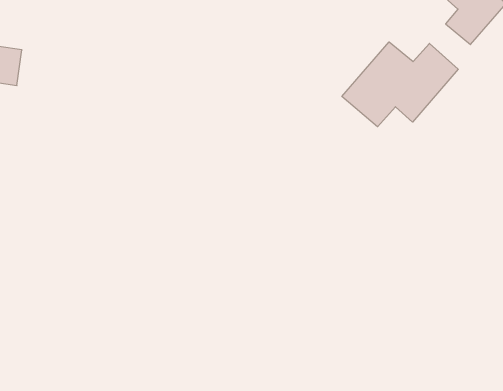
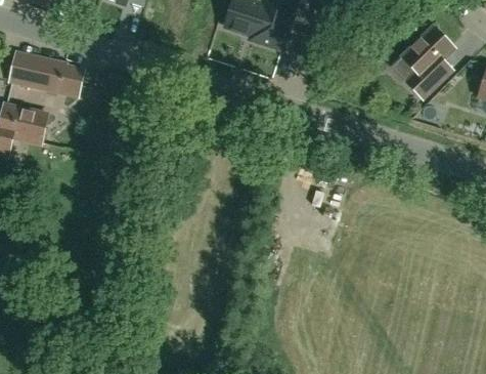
building: [342,42,458,127] -> none

